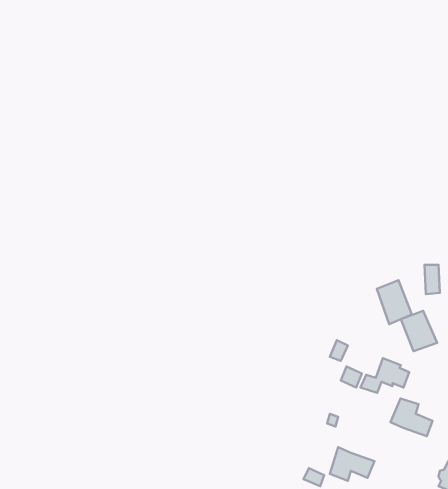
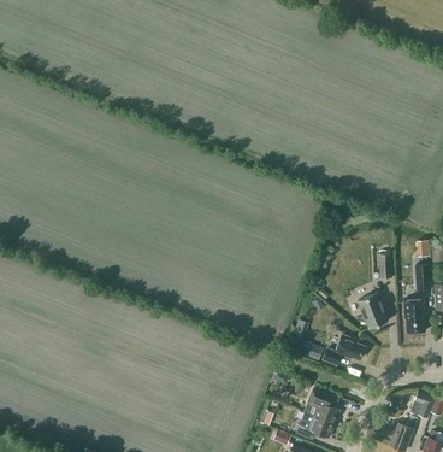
building: [377,280,412,324] -> none
building: [391,399,432,436] -> [303,392,339,424]

